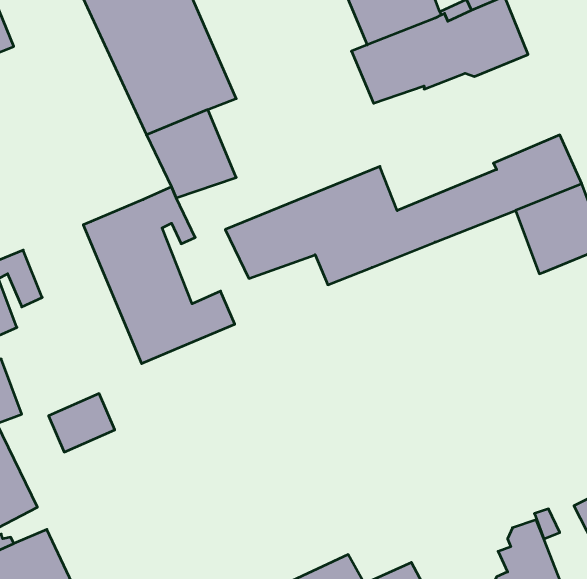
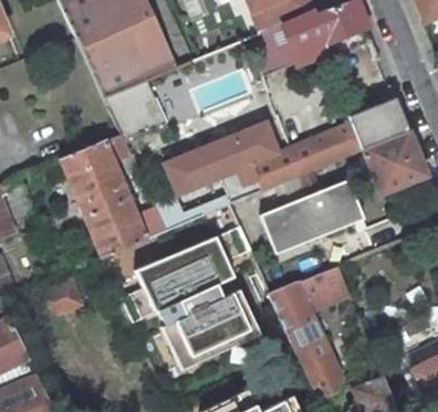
building: none -> [261,180,364,255]
building: none -> [121,228,260,370]
building: none -> [271,266,351,399]

